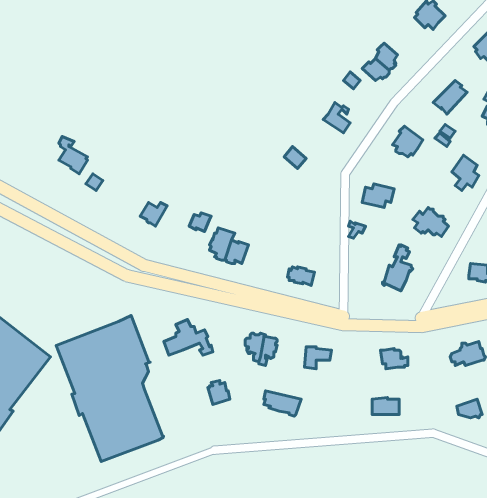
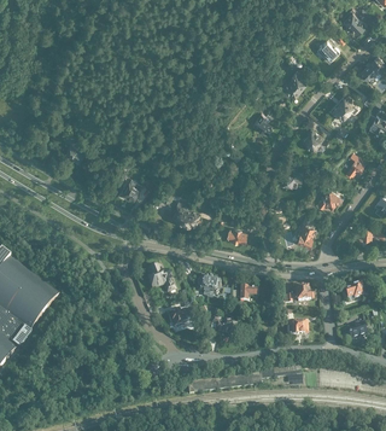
building: [56,316,164,462] -> none

